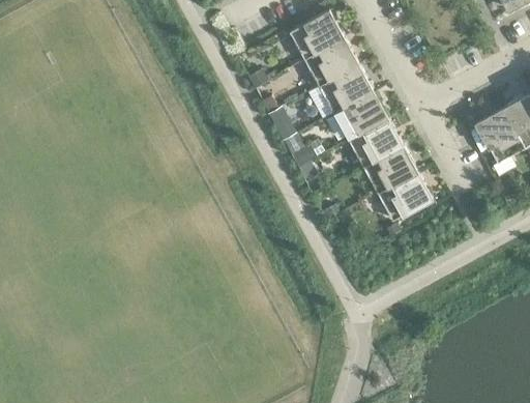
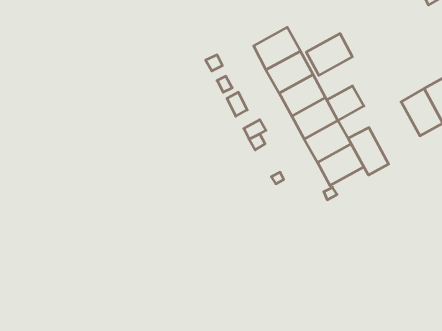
building: [290,10,344,59] -> [306,34,352,75]
building: none -> [327,86,364,120]
building: none -> [348,128,389,175]

